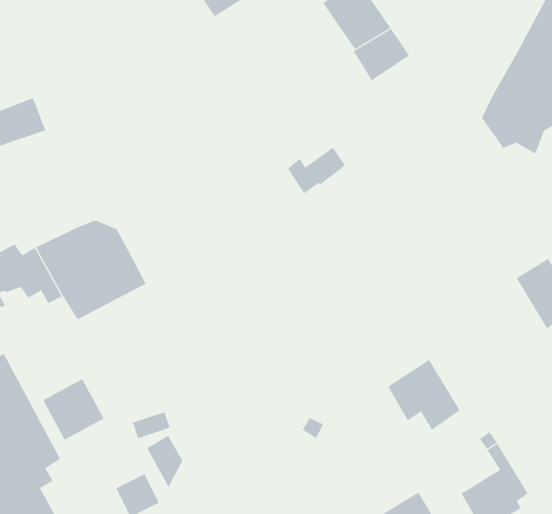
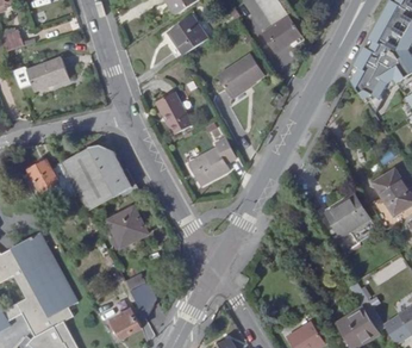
building: none -> [168,13,208,52]
building: none -> [216,52,266,97]
building: none -> [154,88,191,132]
building: none -> [187,133,237,184]
building: [387,359,461,430] -> [327,195,375,242]
building: [42,378,104,440] -> [106,207,146,248]

